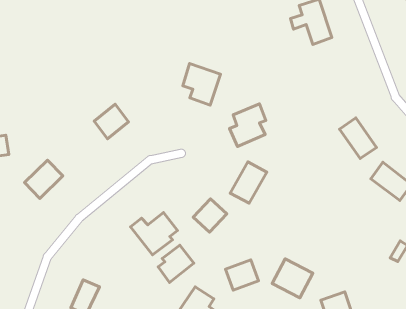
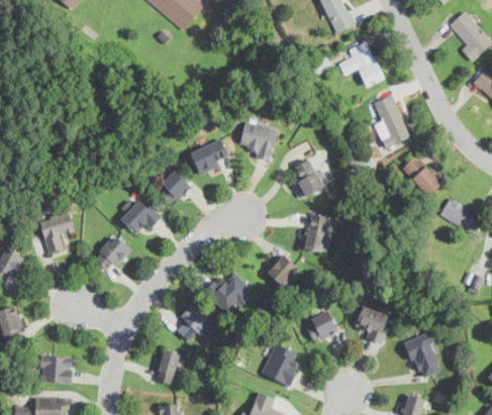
building: none -> [374,95,410,147]
building: none -> [189,138,230,174]
building: none -> [120,196,162,233]
building: [158,245,194,282] -> [175,303,210,341]

